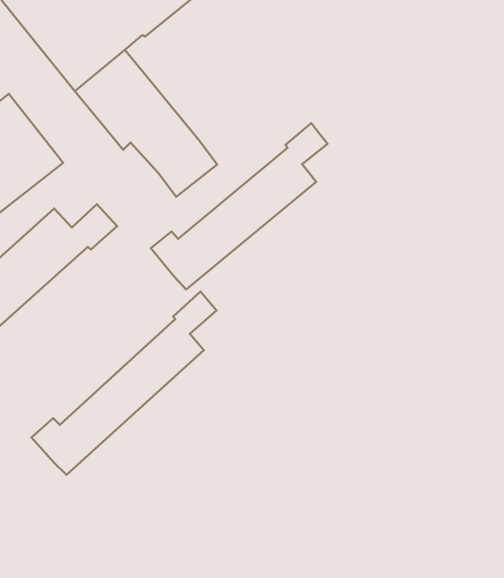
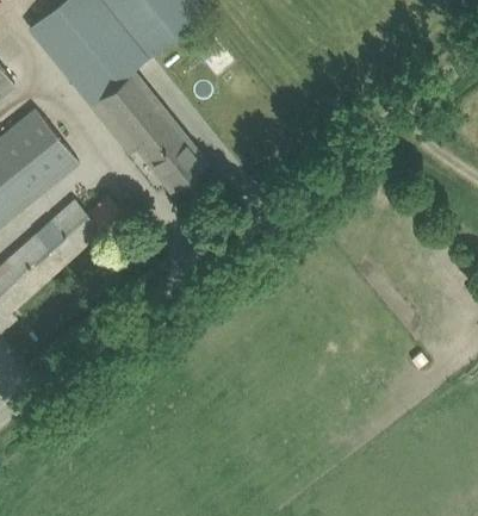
building: [151,123,328,290] -> none
building: [31,292,217,475] -> none

